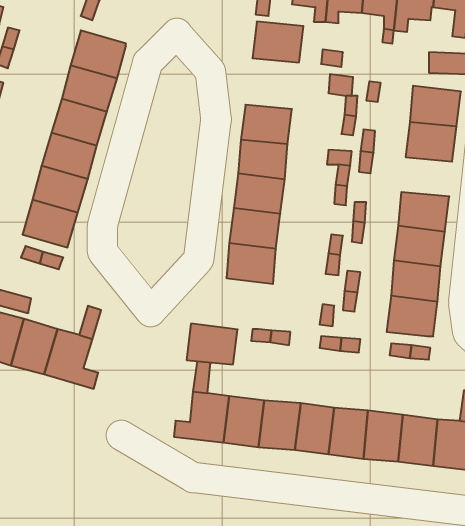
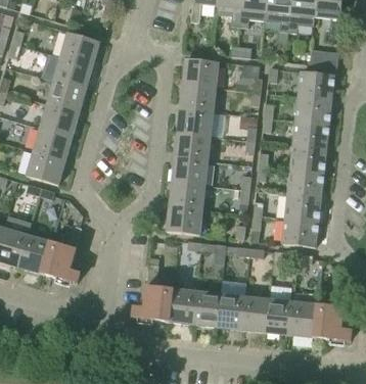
building: [252,22,303,62] -> [183,58,219,87]
building: none -> [292,121,328,148]
building: [187,324,238,364] -> [167,205,202,234]

